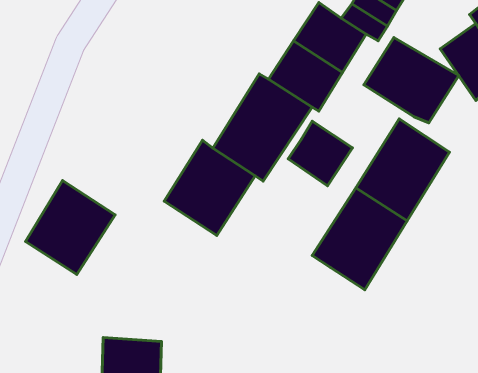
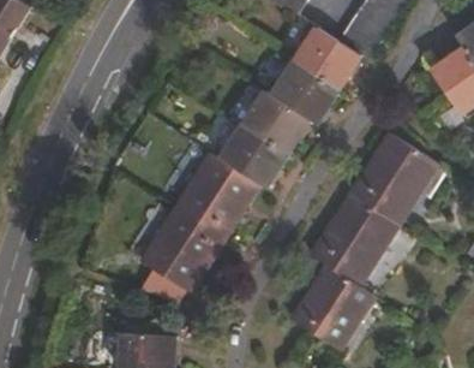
building: [364,37,459,123] -> none
building: [288,121,353,186] -> none
building: [25,181,115,275] -> [143,208,224,293]
building: none -> [293,268,372,351]

